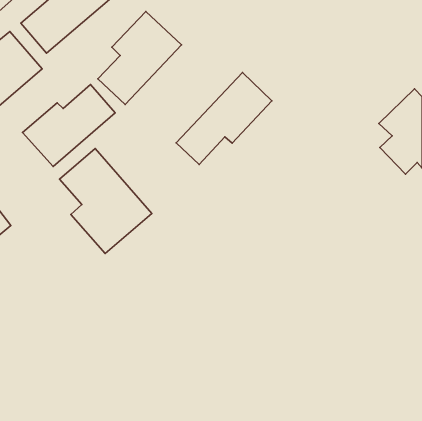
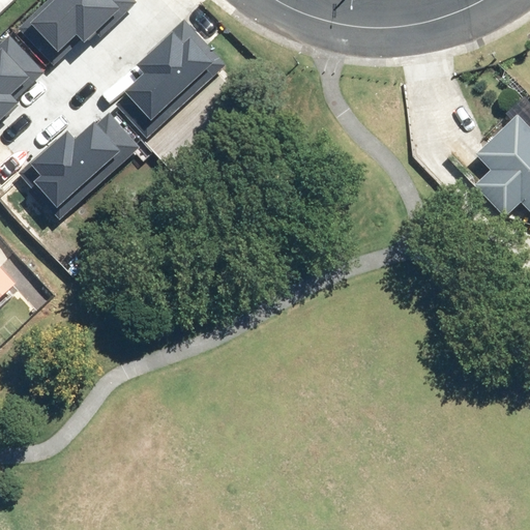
building: [176,73,272,164] -> none
building: [59,148,152,253] -> none

